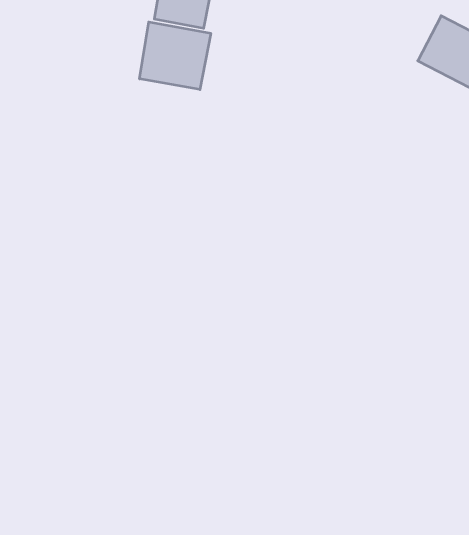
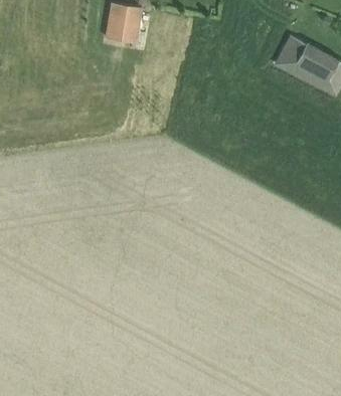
building: [140,22,211,90] -> none

